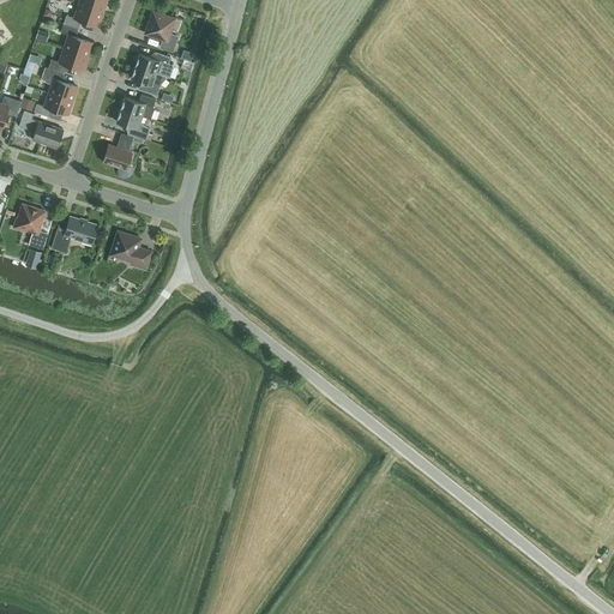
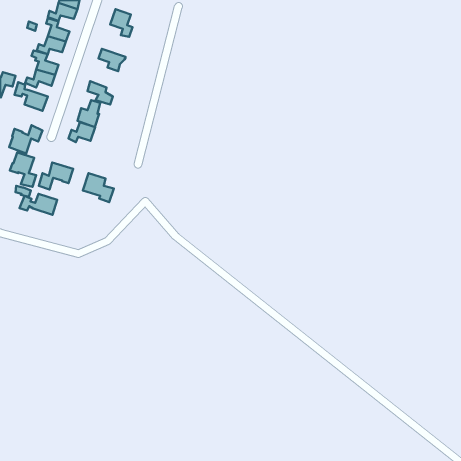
building: [136,52,174,77] -> none
building: [120,94,156,119] -> none
building: none -> [69,122,95,142]
building: none -> [9,125,42,154]
building: none -> [19,194,57,215]

